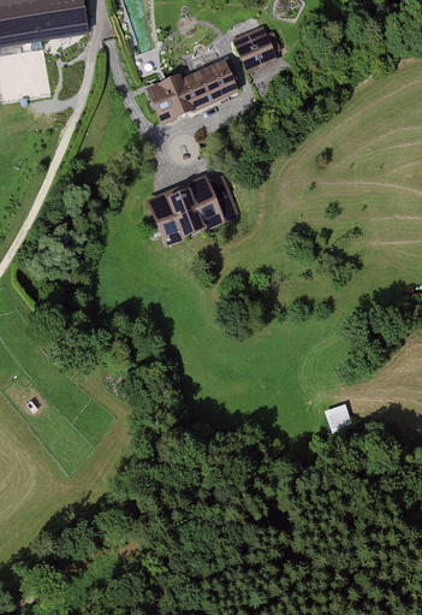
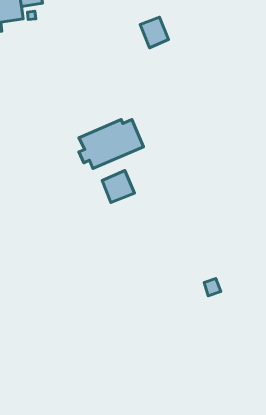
building: [149,59,236,122] -> none
building: none -> [102,171,134,202]

